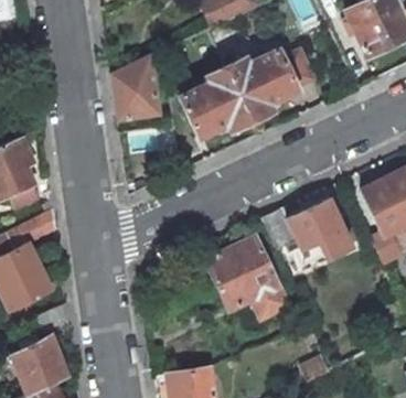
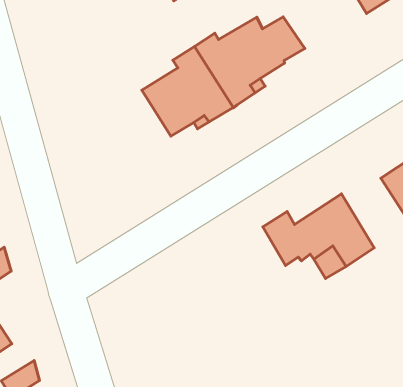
building: [114,57,160,119] -> none
building: [206,236,288,314] -> none

